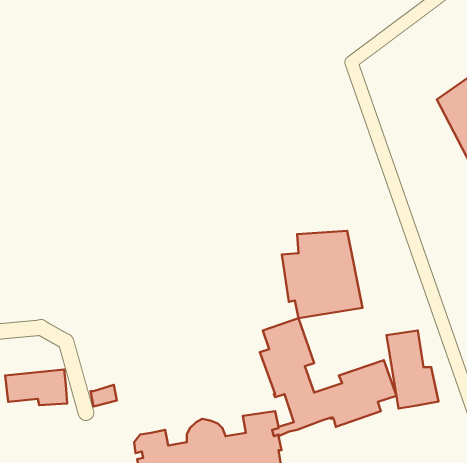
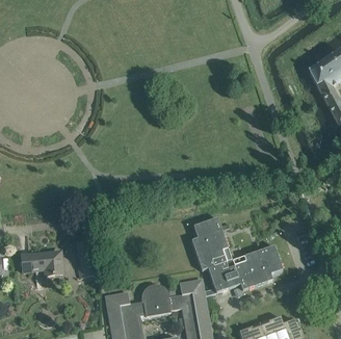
building: [282,231,362,318] -> none
building: [387,331,438,409] -> none

